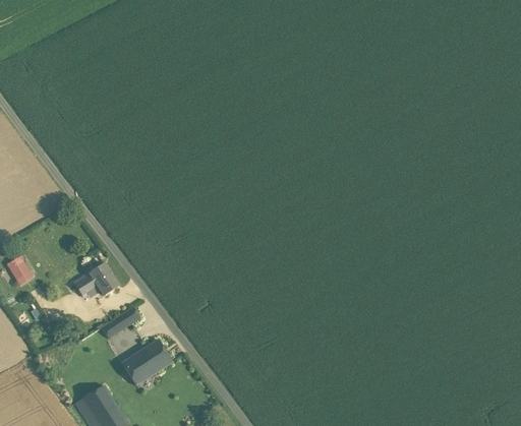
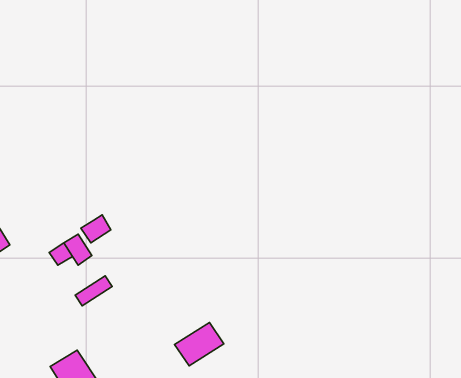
building: none -> [81,215,111,243]
building: [121,341,173,386] -> [175,322,224,366]

